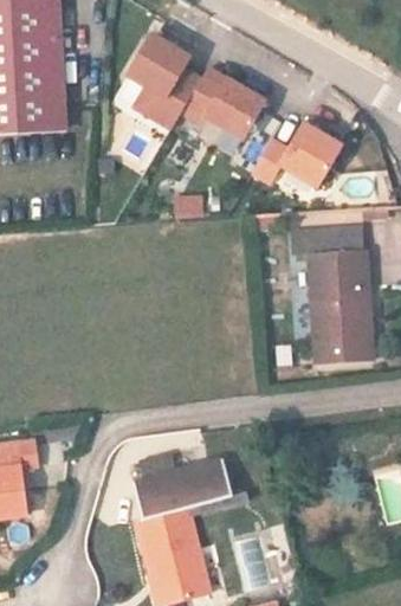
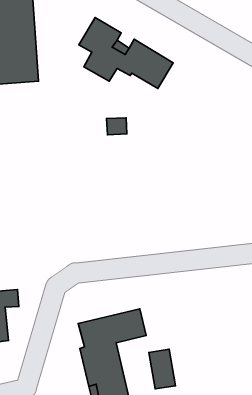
building: [253,124,342,187] -> none
building: [297,230,374,363] -> none

